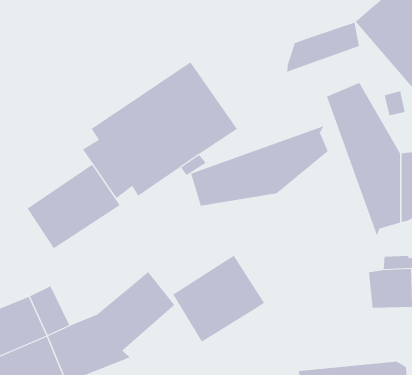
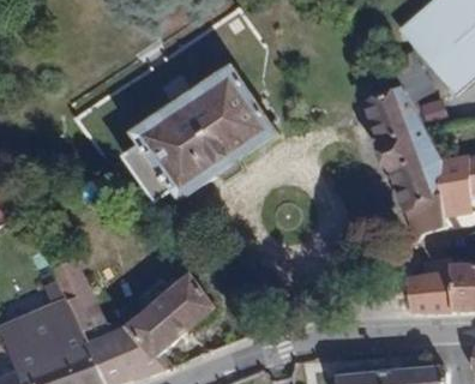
building: [287,22,360,72] -> none
building: [191,125,329,207] -> none
building: [27,164,120,249] -> none
building: [173,255,265,343] -> none

